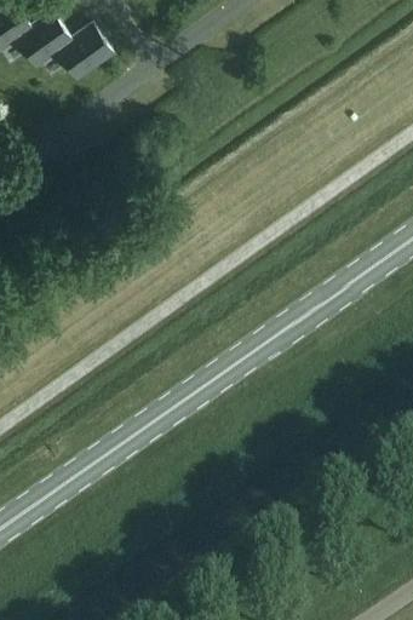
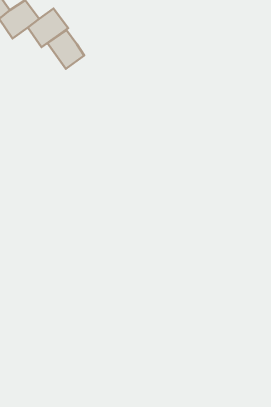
building: none -> [47,30,84,69]

